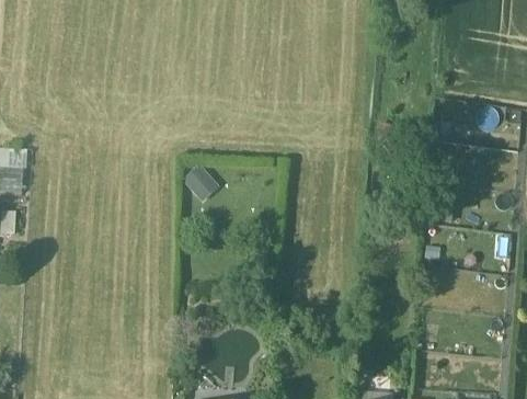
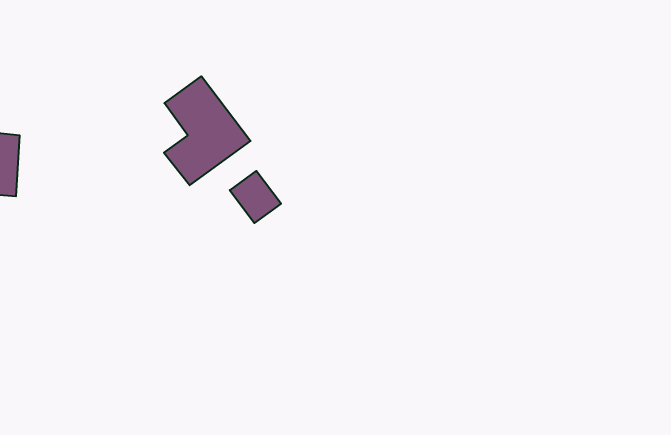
building: none -> [164,76,251,185]

